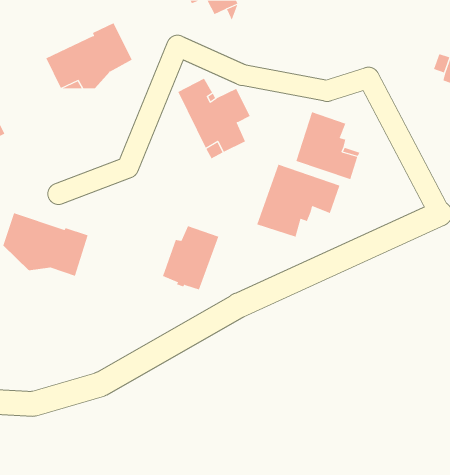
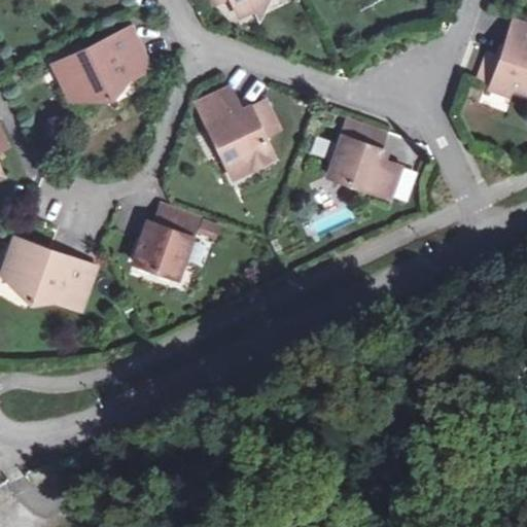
building: [256,164,340,238] -> none
building: [162,225,219,290] -> [132,211,195,282]

